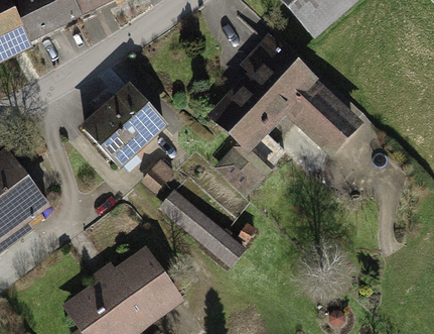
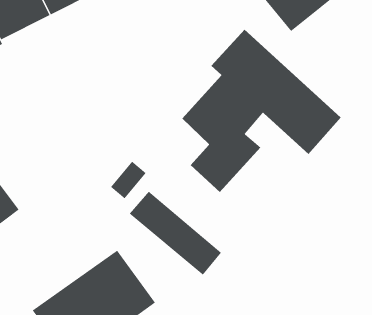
building: [88,86,167,165] -> none

